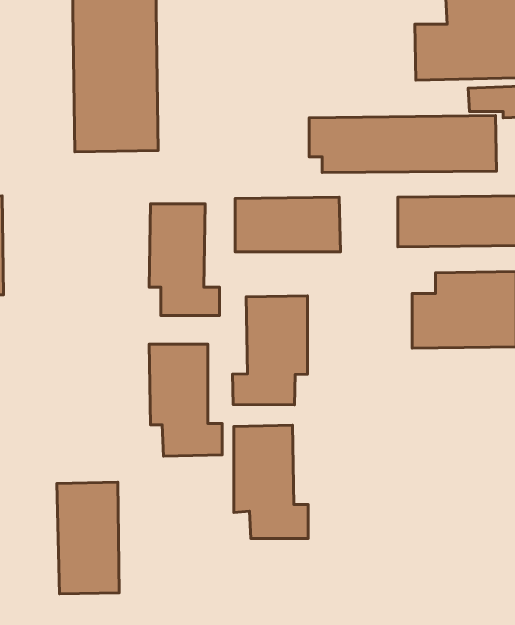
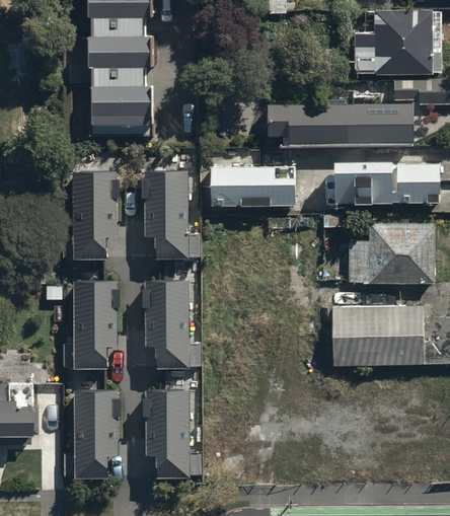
building: none -> [71,169,119,259]
building: [233,296,307,405] -> none
building: none -> [73,278,122,366]
building: none -> [331,307,424,363]
building: [234,425,308,538] -> [144,389,202,477]

